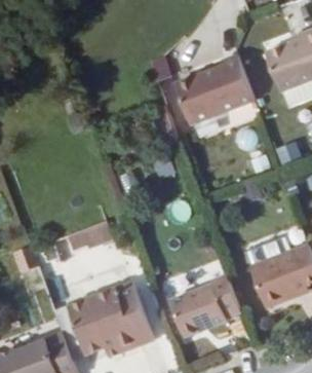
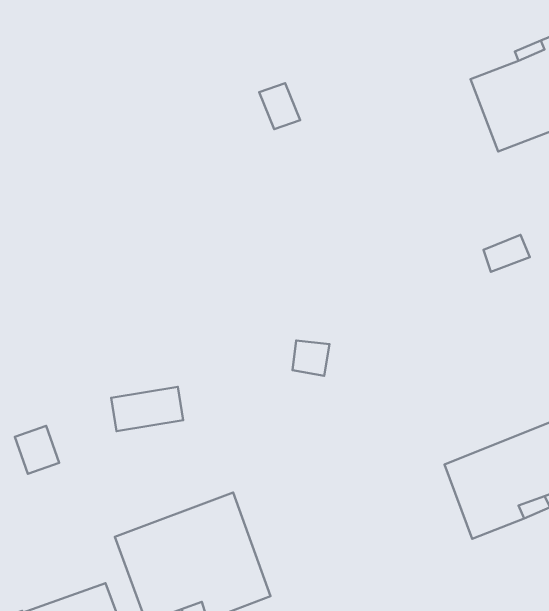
building: [173,54,254,123] -> none
building: [169,275,240,338] -> none

